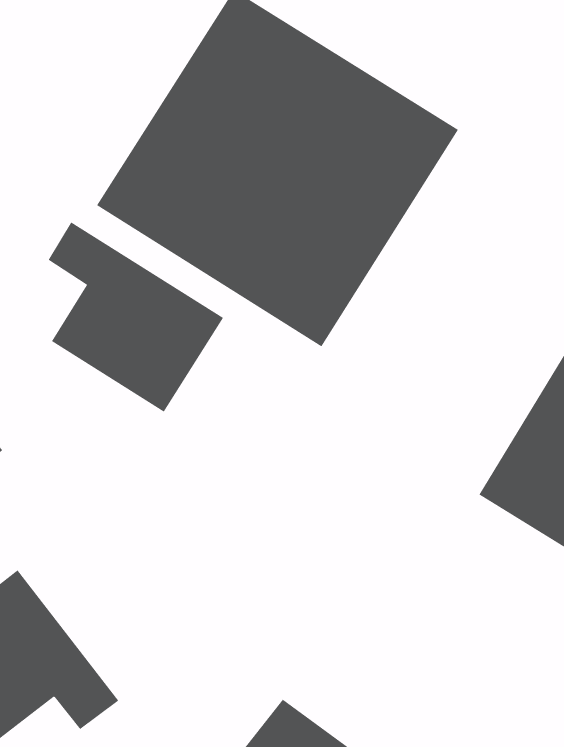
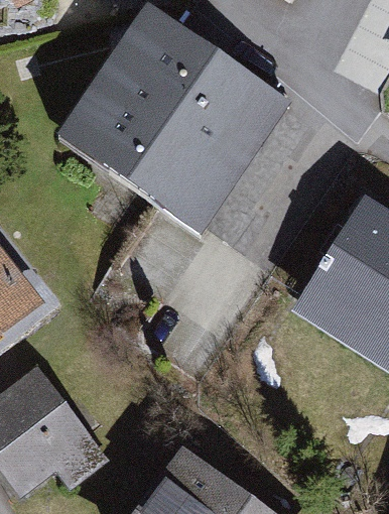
building: [48,222,224,413] -> none

